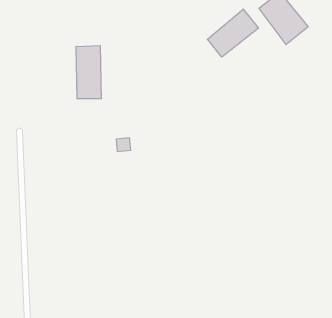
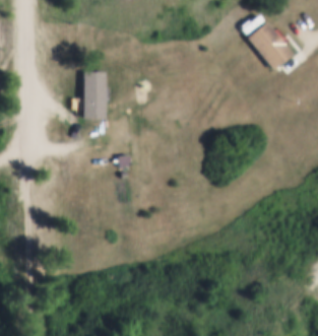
building: [207,9,258,57] -> none

